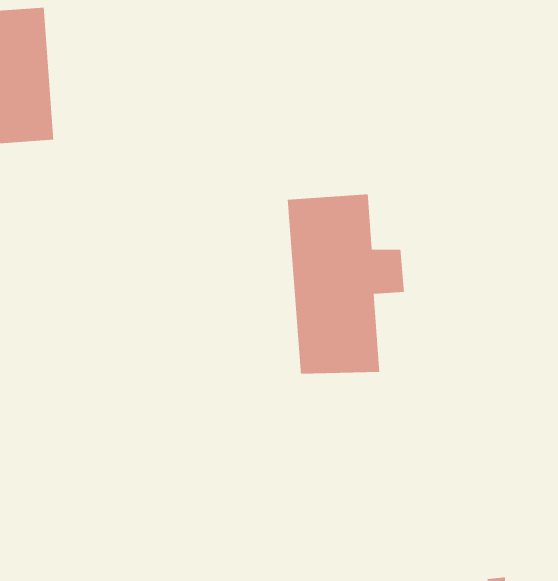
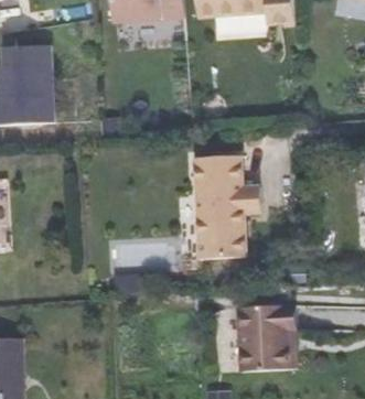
building: none -> [238,303,296,370]

